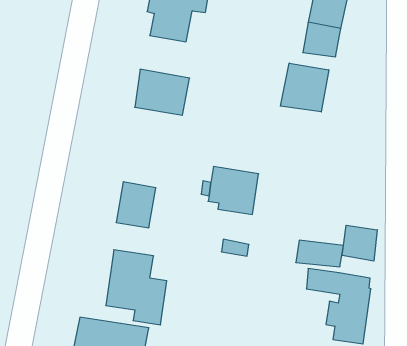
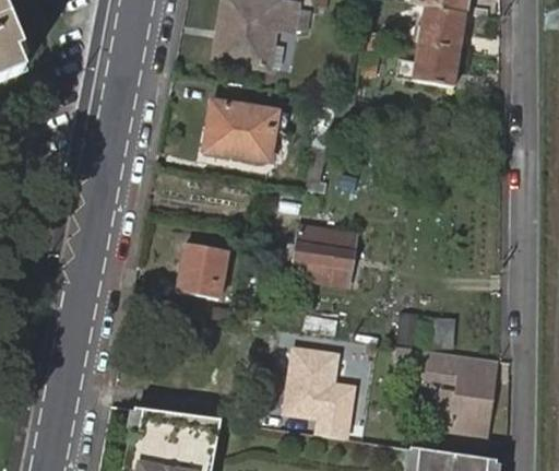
building: [280,63,329,112] -> none
building: [342,225,377,261] -> none
building: [106,250,167,325] -> [283,345,358,438]

